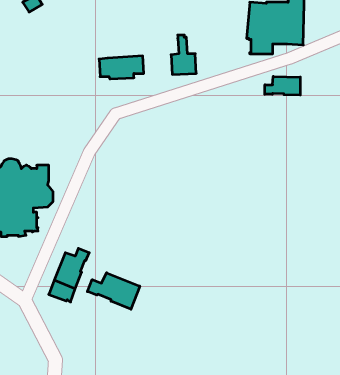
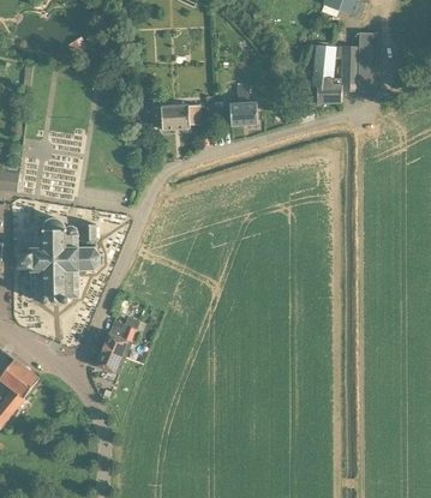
building: [265,76,300,95] -> none
building: [87,273,140,309] -> none

